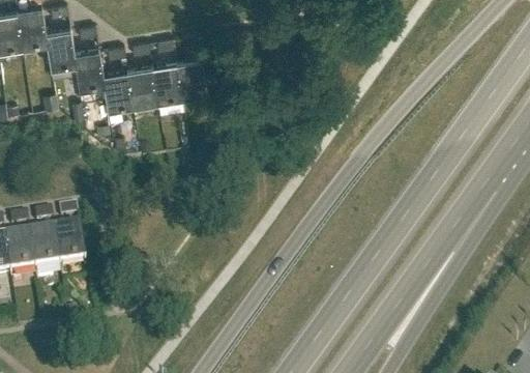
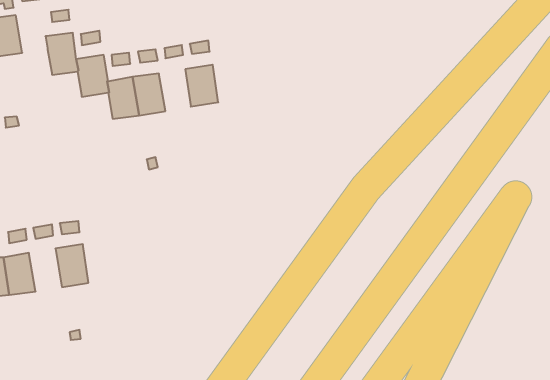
building: [17,11,47,51] -> none
building: [151,66,181,106] -> none
building: [29,235,60,276] -> none

